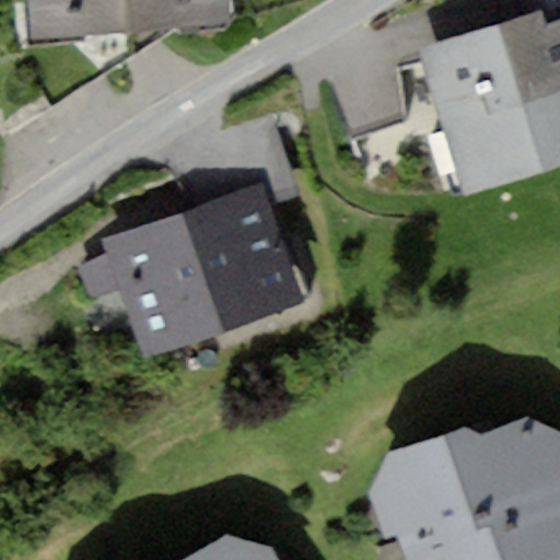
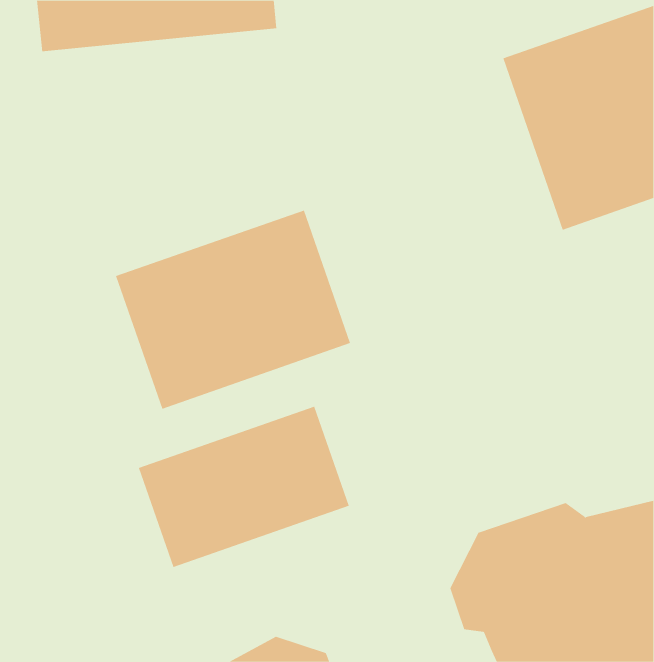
building: none -> [138,406,349,568]

